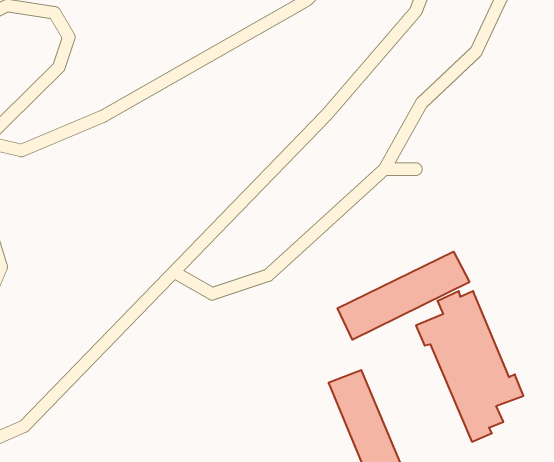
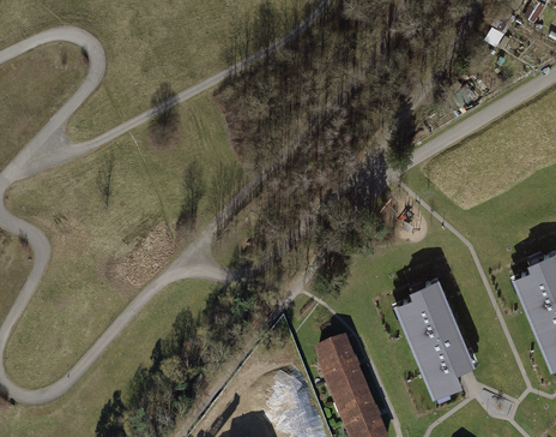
building: [338,252,469,340] -> none

